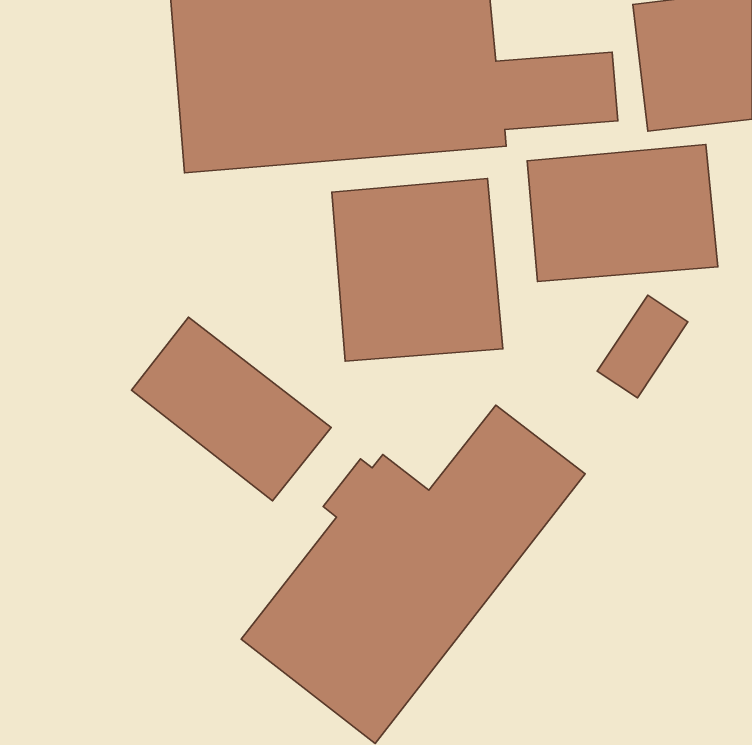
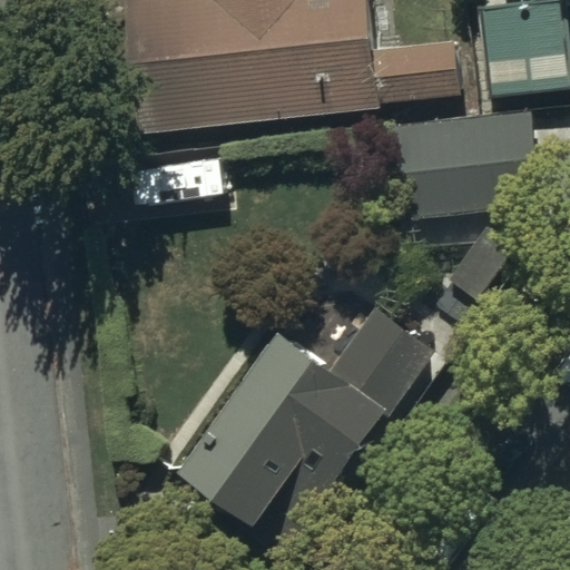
building: [332,179,503,361] -> none
building: [132,317,331,501] -> none

